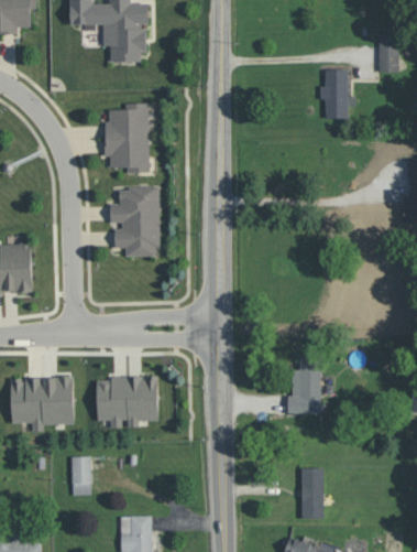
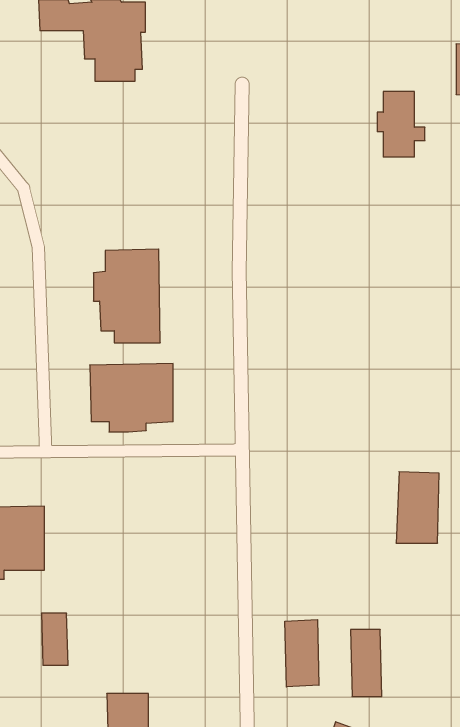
building: [105,102,150,173] -> none
building: [289,360,321,413] -> [396,472,439,543]
building: [97,377,158,427] -> [90,364,173,432]
building: none -> [285,620,319,687]

